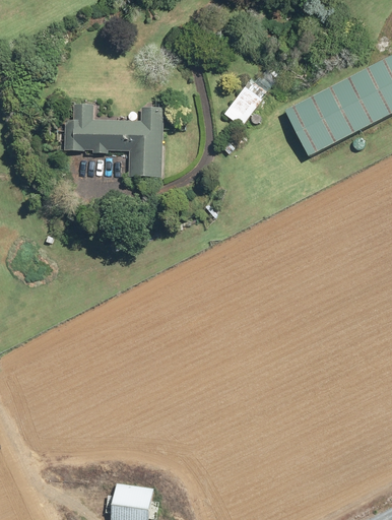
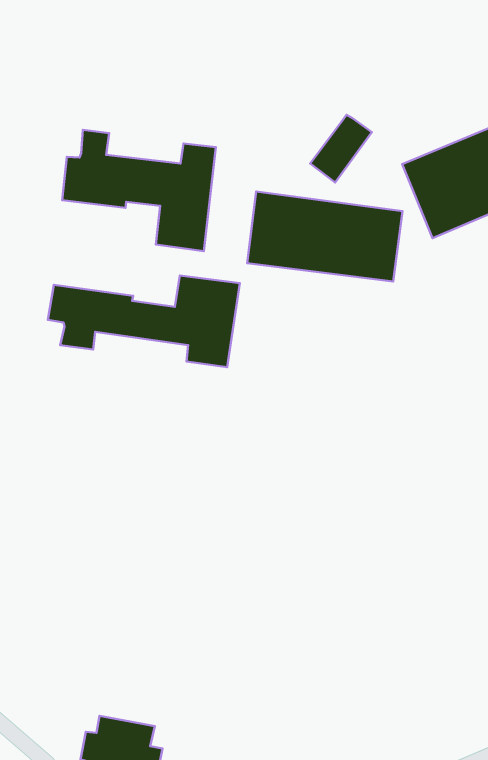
building: none -> [247,191,403,282]
building: none -> [48,276,240,367]

